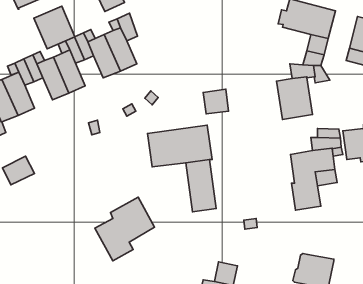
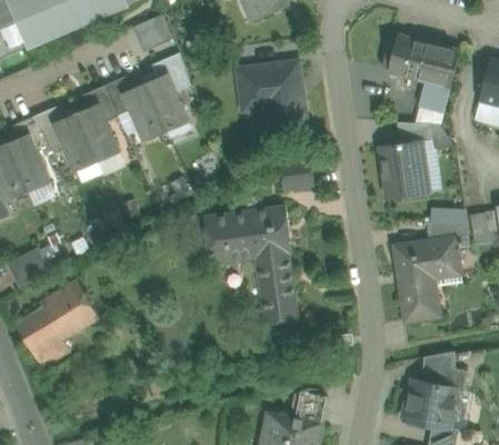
building: [34,6,75,49] -> none
building: none -> [238,62,306,136]
building: [95,197,155,261] -> [21,280,102,367]
building: none -> [421,352,467,392]

